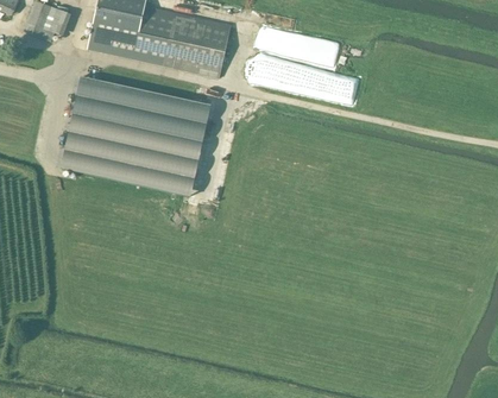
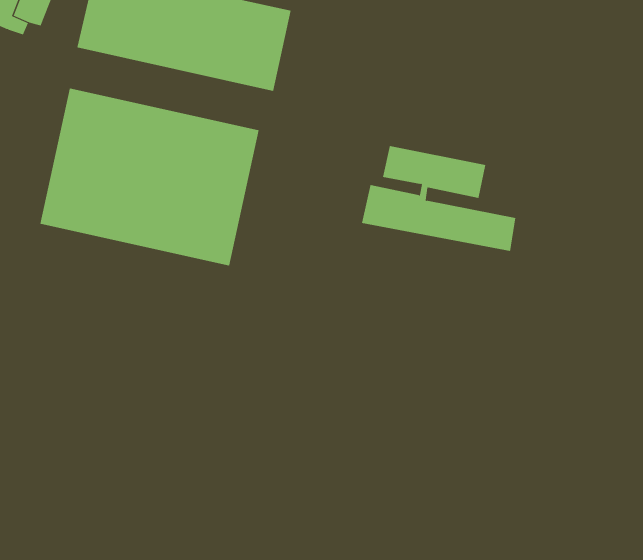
building: [251,29,355,100] -> [361,146,516,251]

